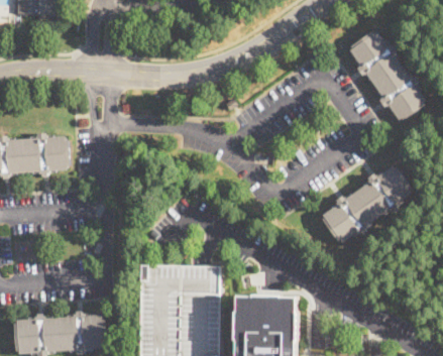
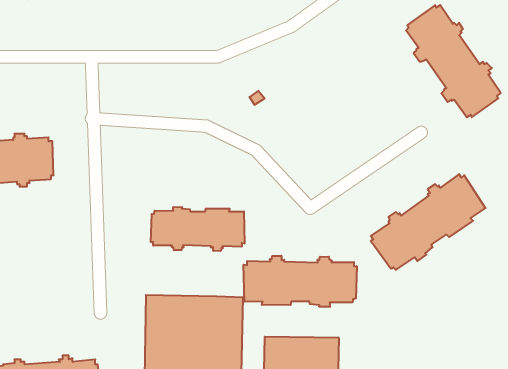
building: none -> [151,207,245,251]
building: none -> [244,256,357,307]

